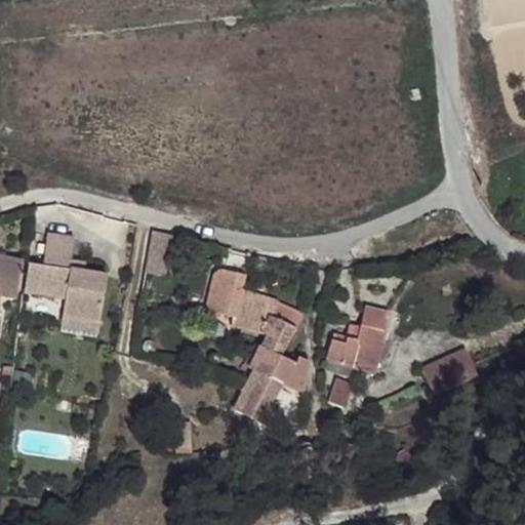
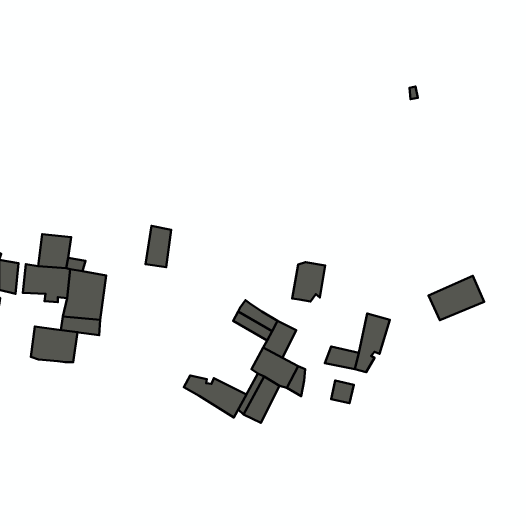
building: [220,267,253,306] -> [292,262,325,302]
building: none -> [31,327,77,362]
building: [425,351,480,395] -> [428,276,484,320]
building: none -> [184,375,246,418]

